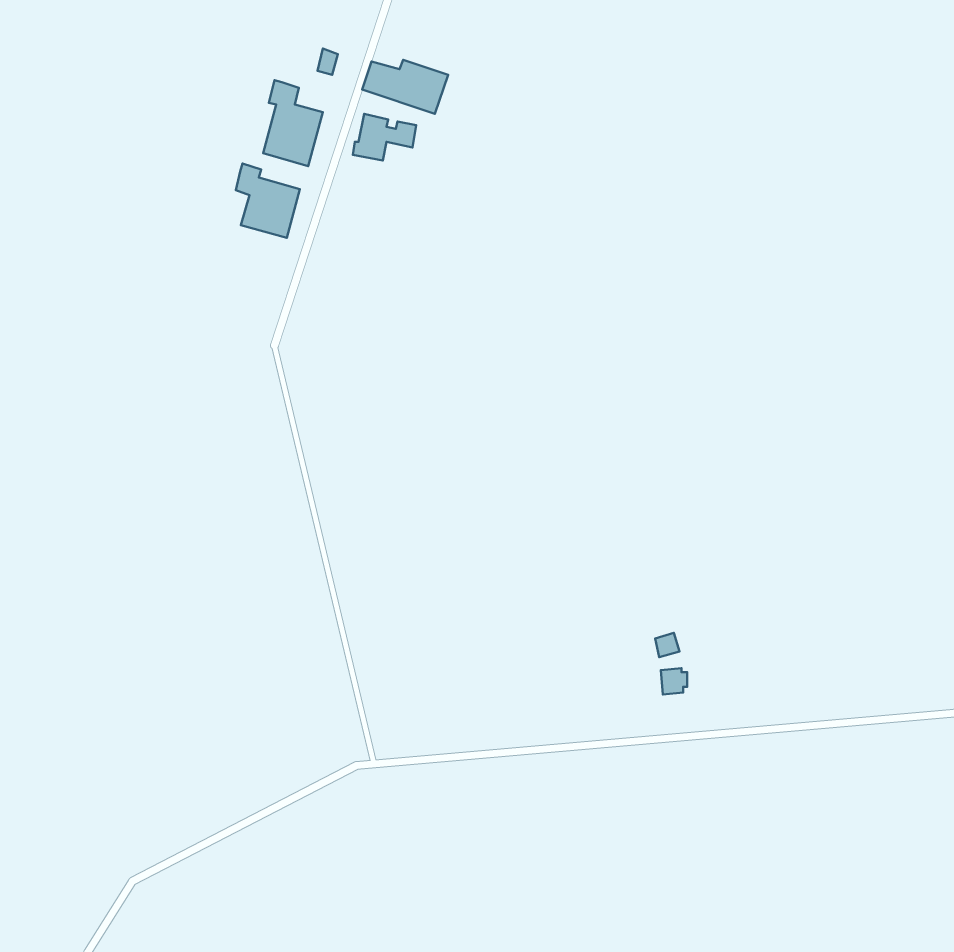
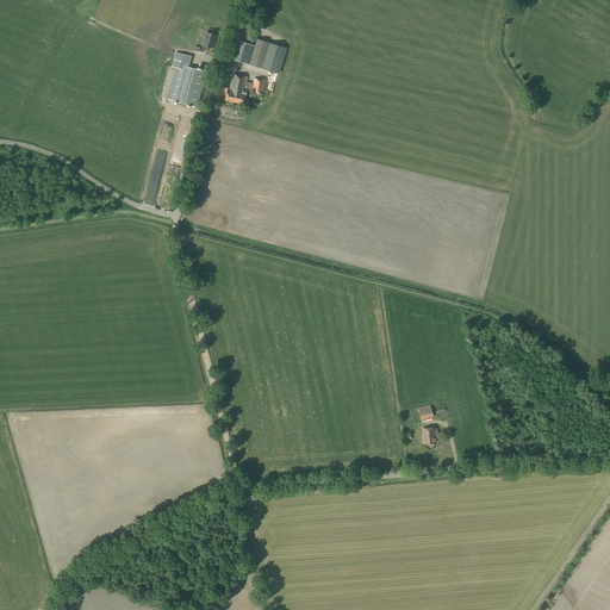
building: [236,164,300,238] -> none

